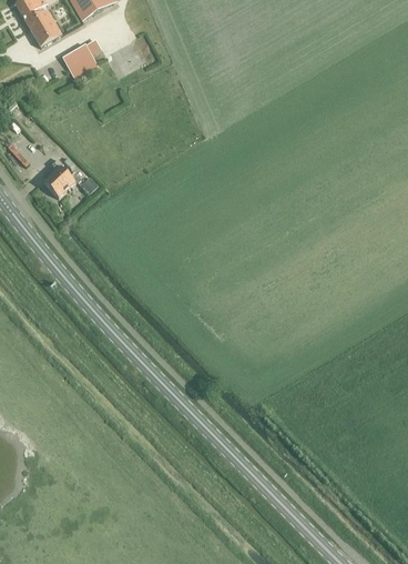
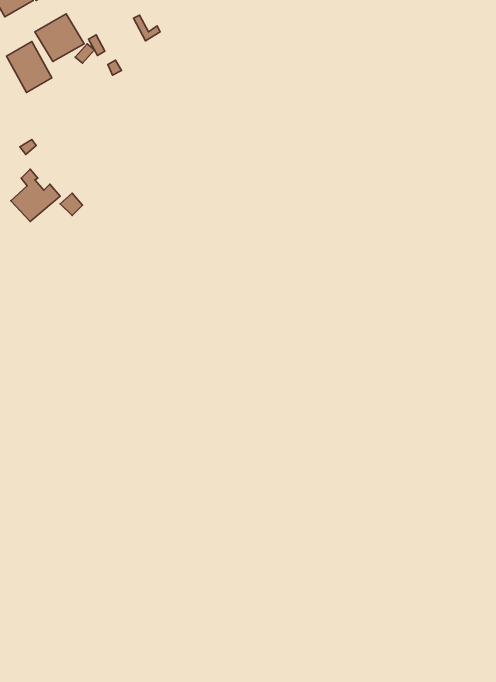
building: none -> [6,42,52,92]

